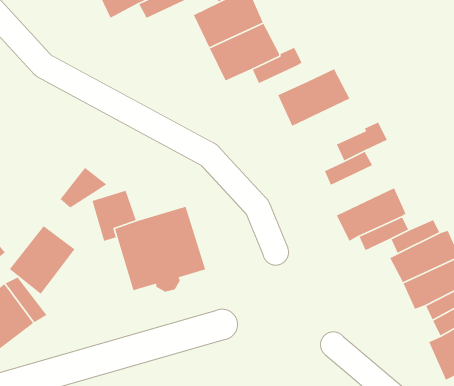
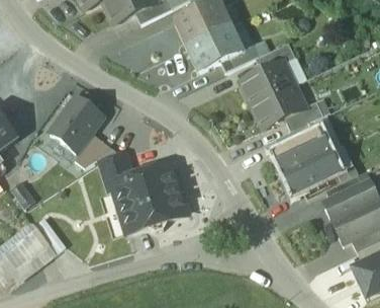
building: none -> [256,43,295,71]
building: none -> [251,84,306,129]
building: none -> [275,131,328,172]
building: [9,225,76,295] -> [52,98,102,151]

